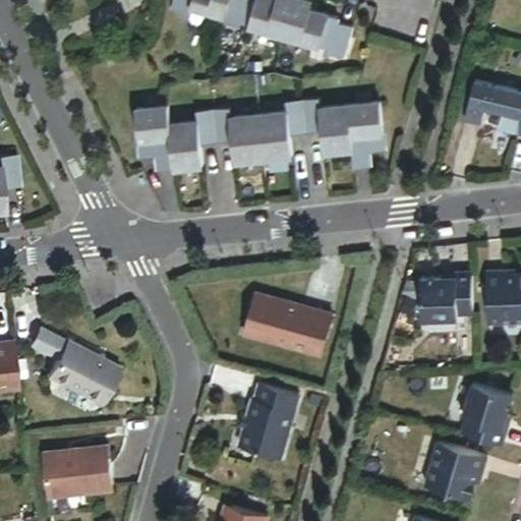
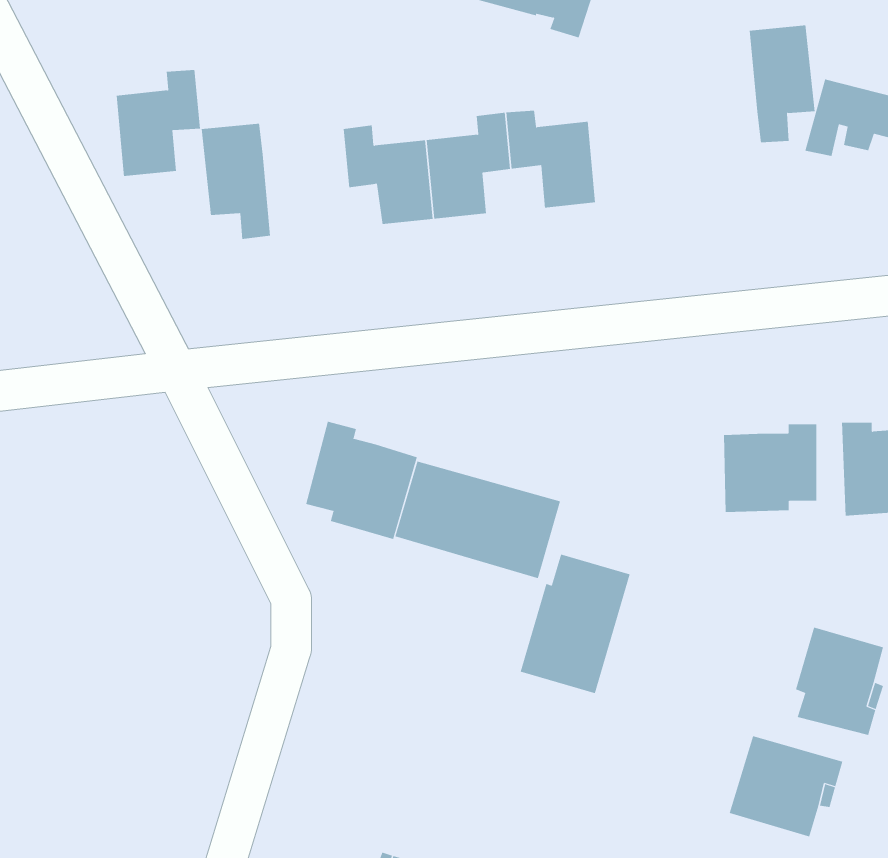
building: [347,103,384,168] -> [749,25,815,143]
building: [168,110,215,169] -> [116,70,201,177]
building: none -> [305,421,417,540]
building: [32,330,121,404] -> none
building: [239,384,300,461] -> [520,554,631,694]
building: [47,447,115,496] -> none

